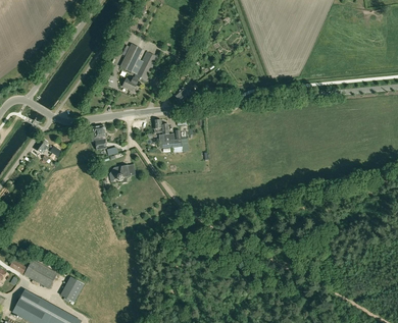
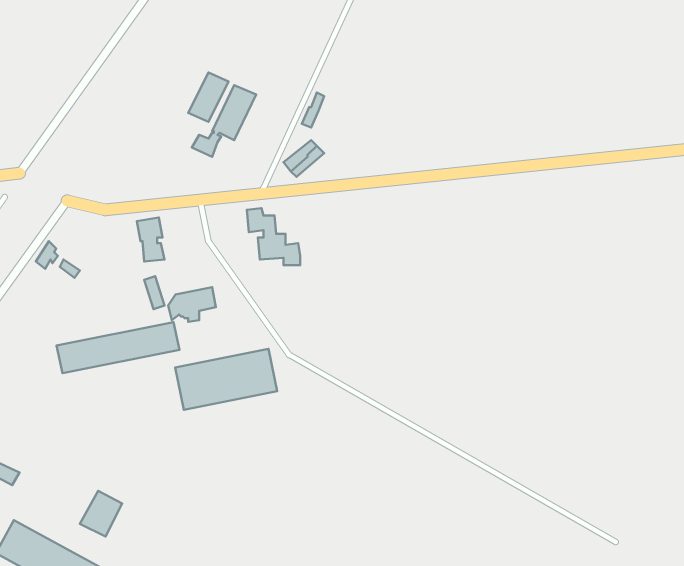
building: none -> [57,322,179,373]
building: none -> [175,349,277,410]
building: [24,259,58,288] -> none

